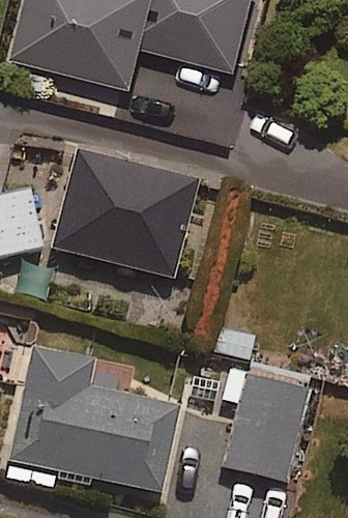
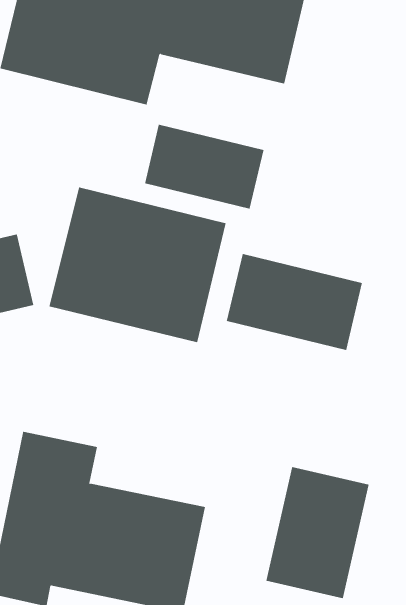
building: none -> [144,124,264,210]
building: none -> [226,253,363,351]

